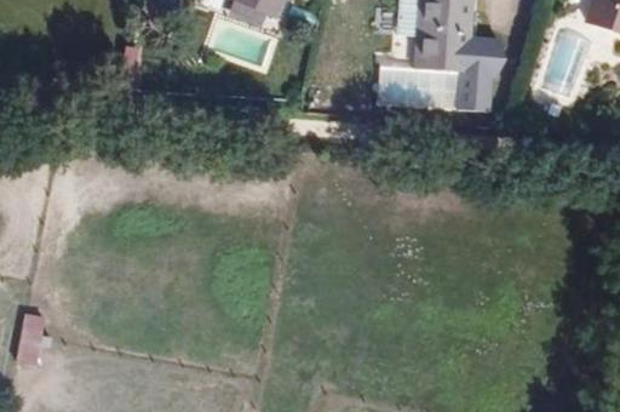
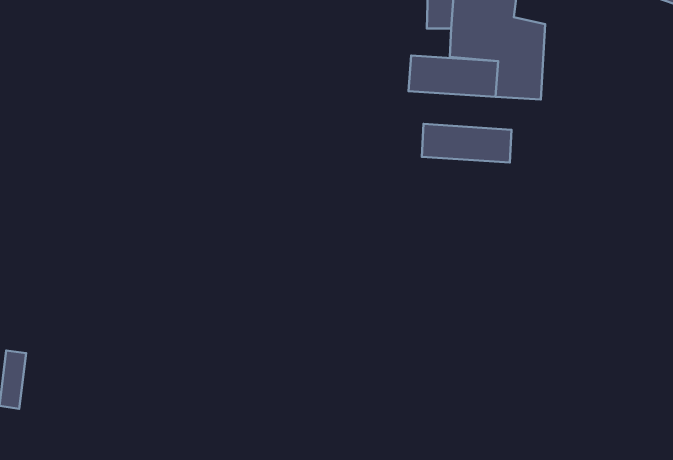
building: none -> [422,124,512,163]

